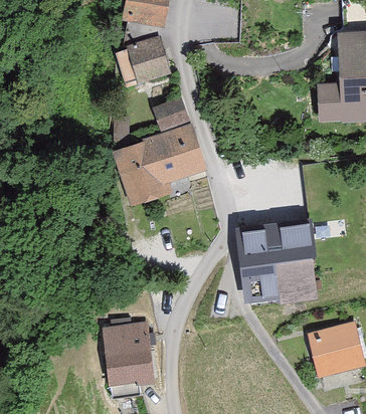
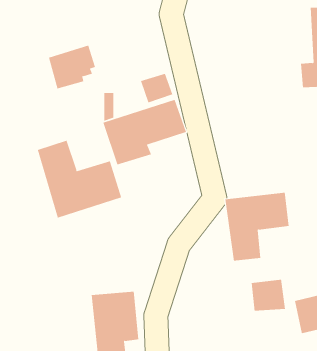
building: [119,41,168,87] -> [48,45,96,89]
building: none -> [37,140,122,219]
building: [278,260,314,293] -> [251,279,286,311]

